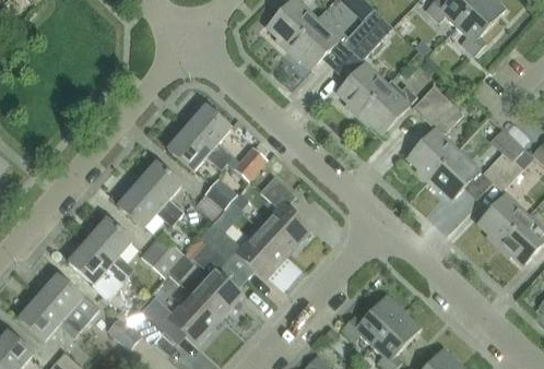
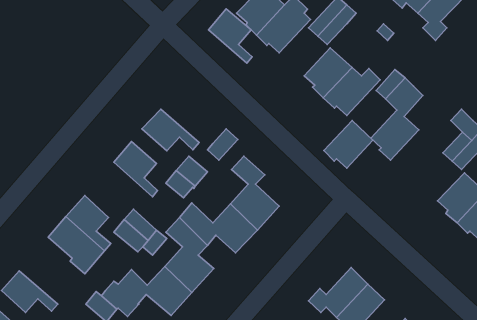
building: [186,106,232,163] -> [208,9,252,63]
building: [427,150,478,200] -> [324,120,373,168]
building: [117,183,177,228] -> none
building: [37,275,98,332] -> none

